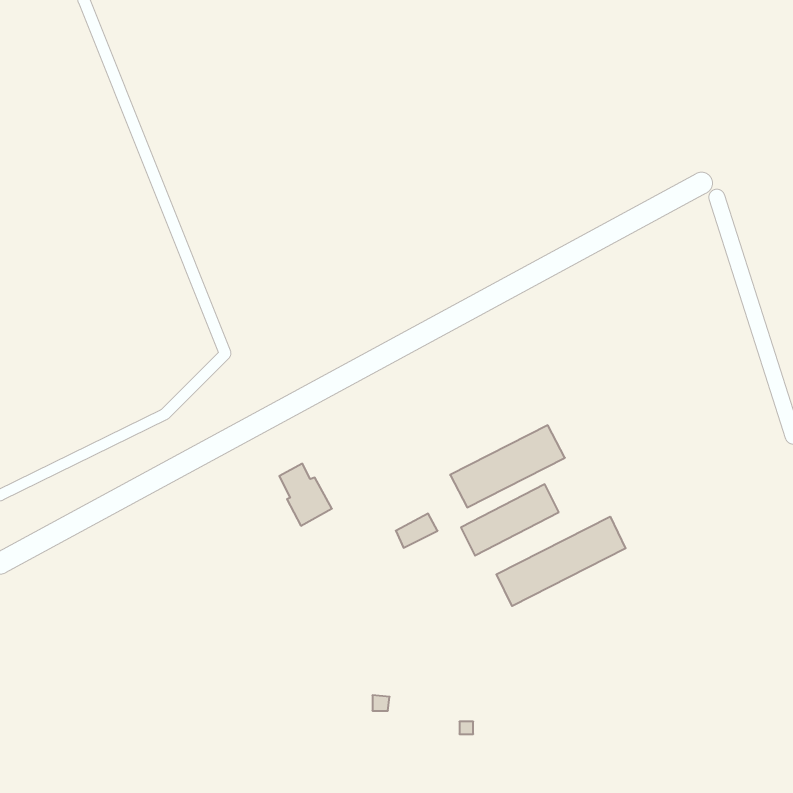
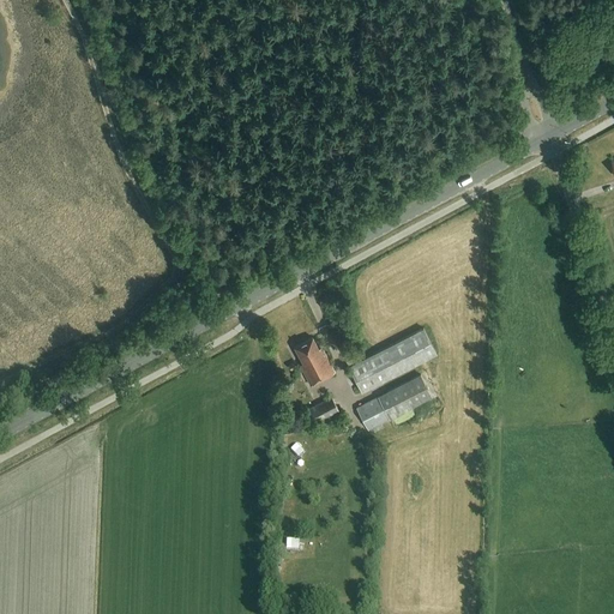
building: [279,464,332,526] -> [294,337,335,385]
building: [496,517,626,606] -> none

